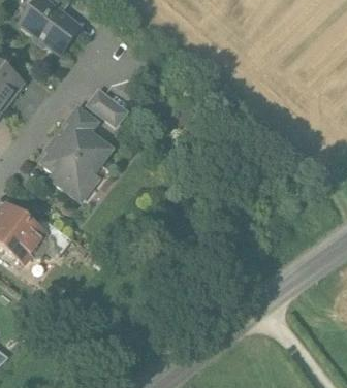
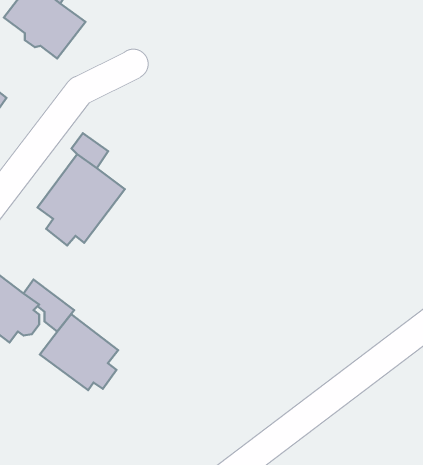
building: [88,91,125,124] -> none
building: none -> [40,314,118,390]

